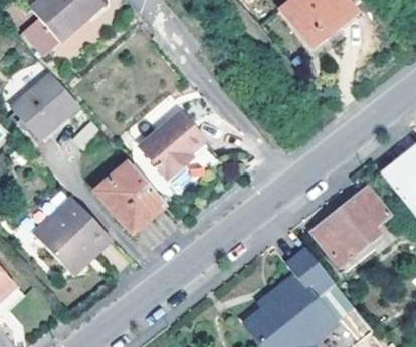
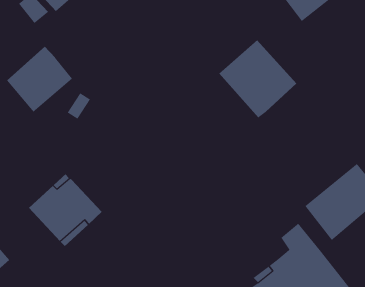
building: [138,110,217,190] -> [218,40,297,118]
building: [93,159,164,232] -> none

